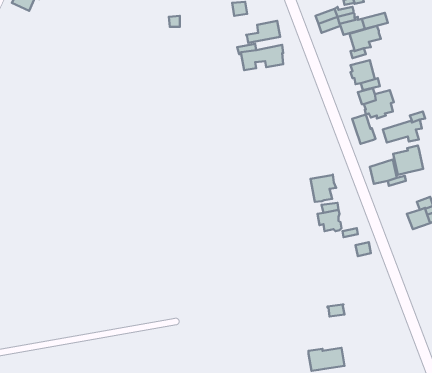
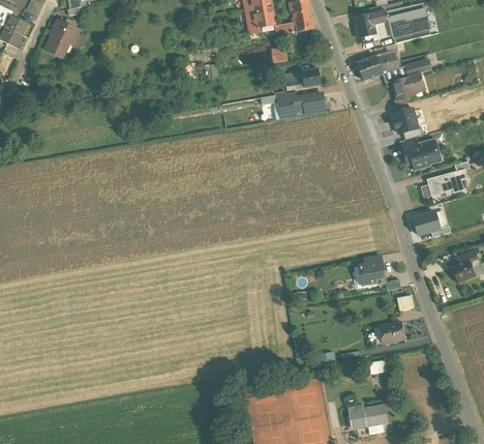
building: [352,114,375,144] -> none
building: [393,146,423,175] -> none
building: [310,175,336,202] -> none
building: none -> [379,321,404,344]

